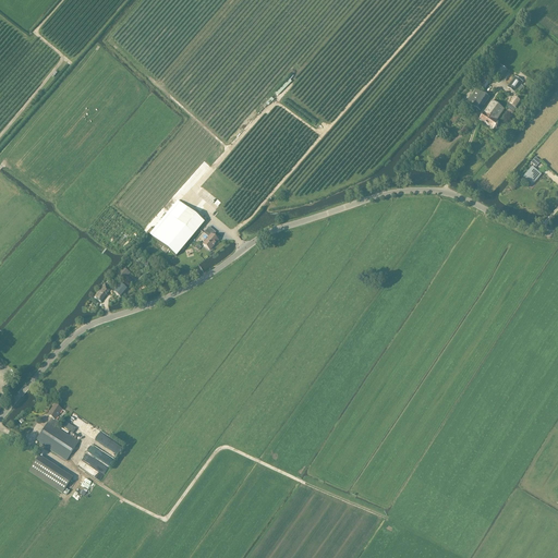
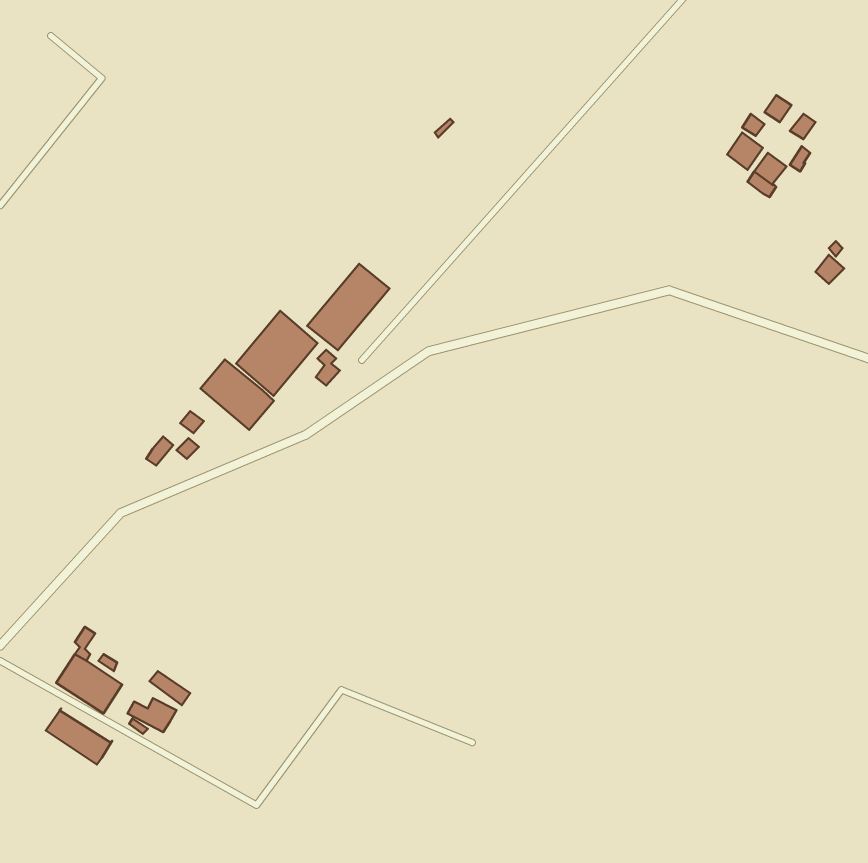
building: none -> [307,264,390,350]
building: none -> [200,359,274,430]

